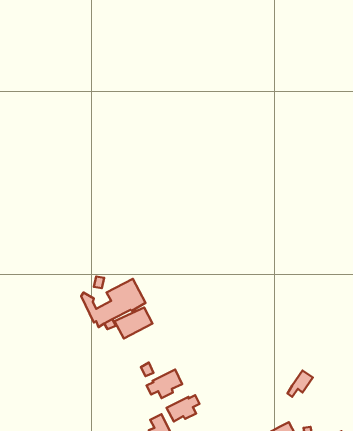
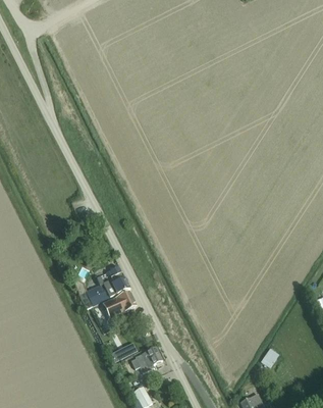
building: [167,395,199,421] -> none

